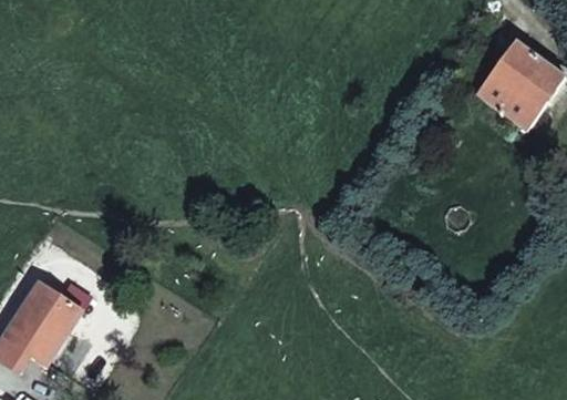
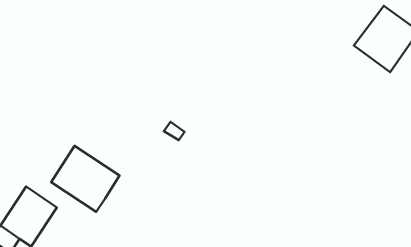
building: none -> [51,146,120,212]

